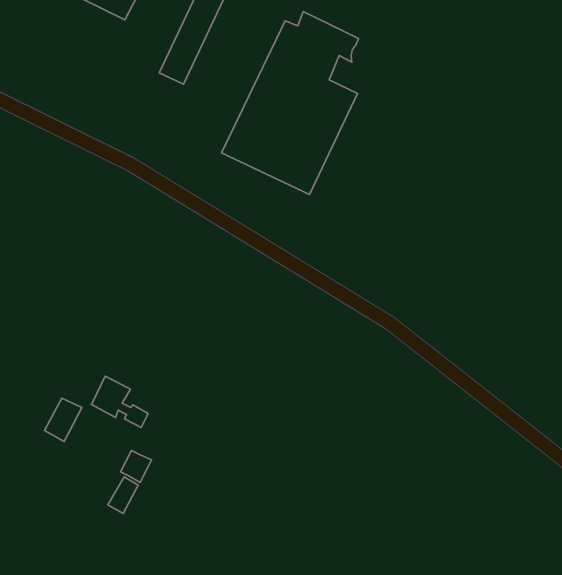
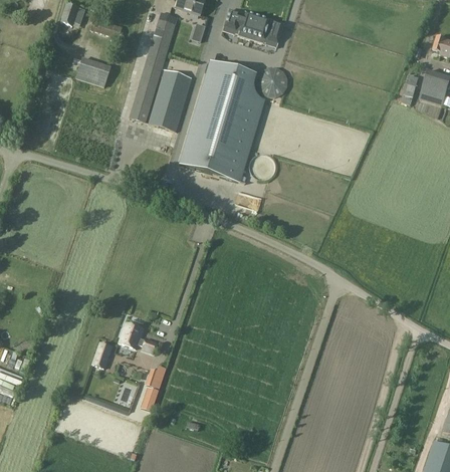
building: none -> [148,69,191,132]
building: none -> [256,67,286,97]

